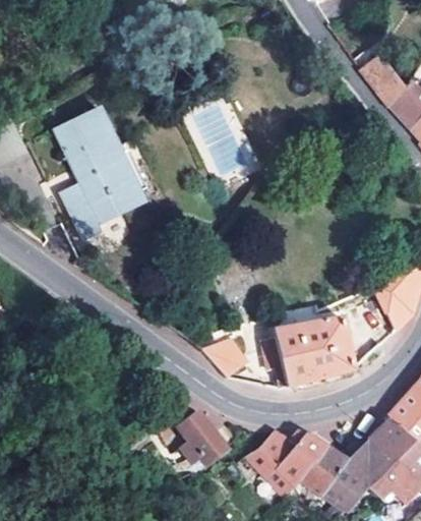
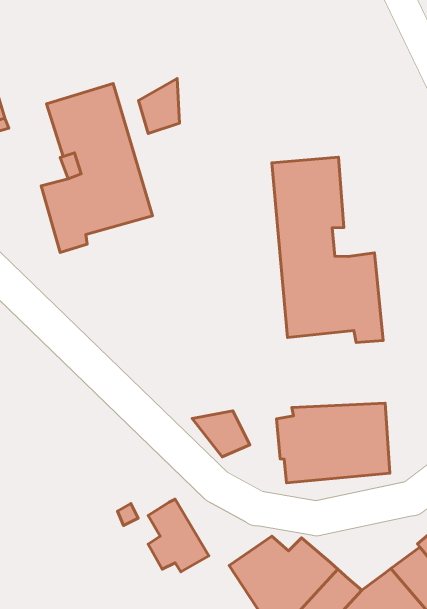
building: none -> [138,78,179,134]
building: none -> [272,157,383,343]

